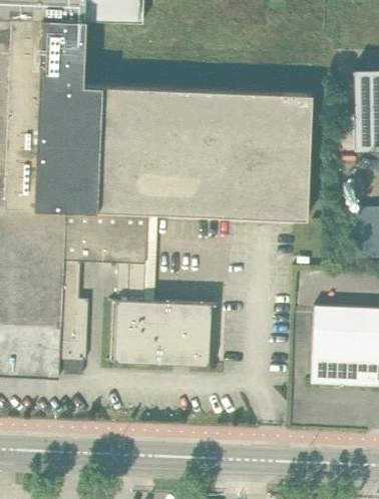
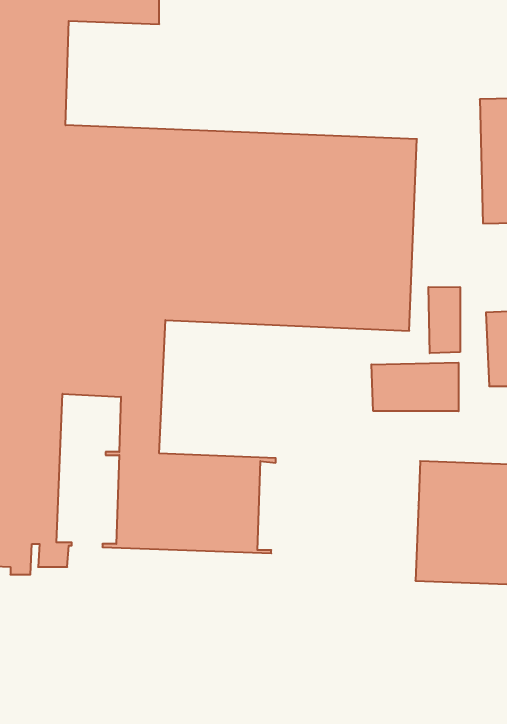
building: none -> [428,287,460,353]
building: none -> [371,363,459,411]

